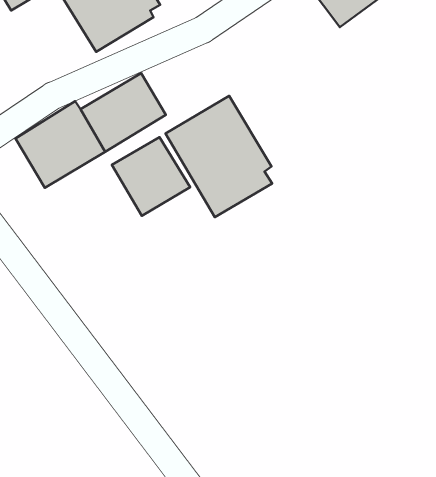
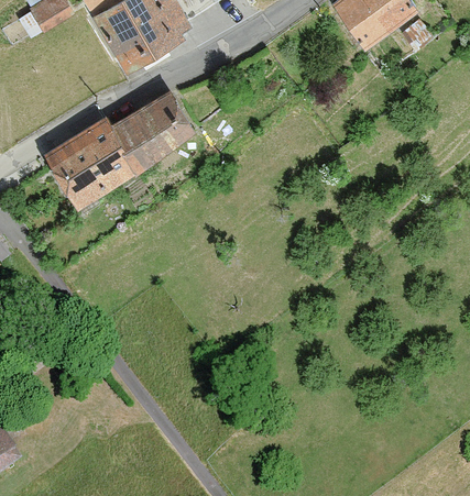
building: [166,96,272,217] -> none
building: [112,137,190,216] -> none

